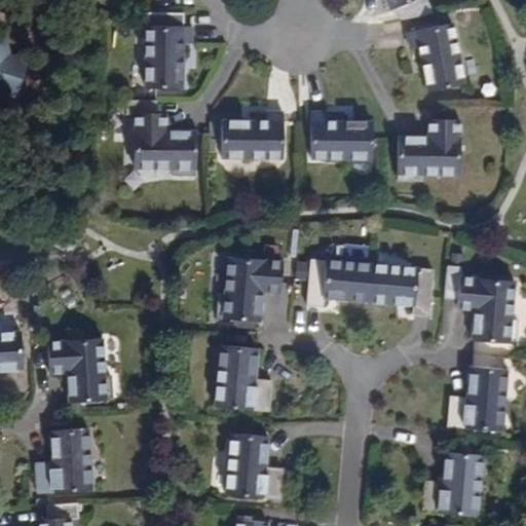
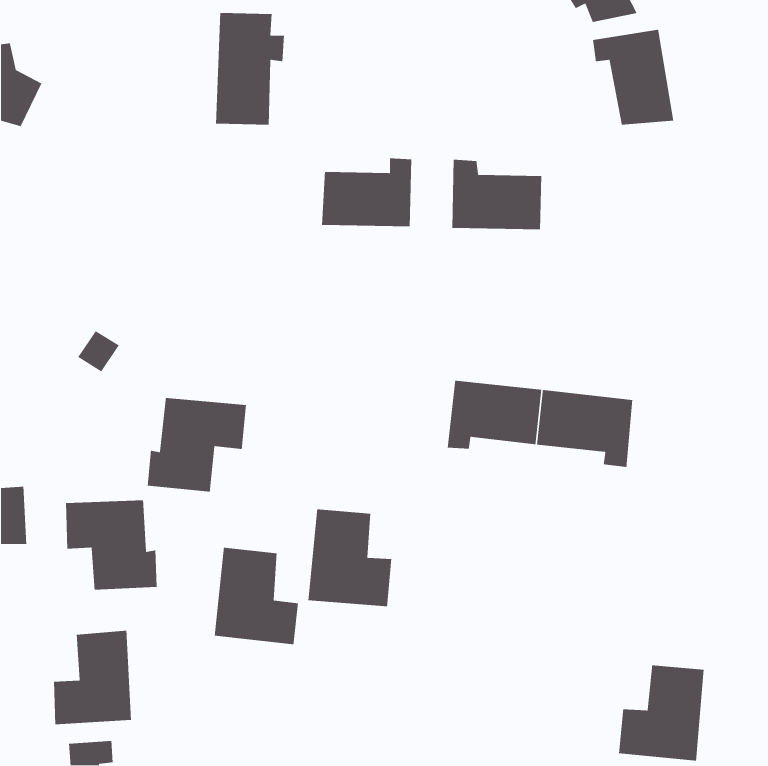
building: [128,97,197,173] -> none
building: [394,117,457,177] -> none
building: [217,256,285,321] -> [147,397,247,492]
building: [445,260,518,343] -> none
building: [447,367,506,429] -> none
building: [223,433,280,499] -> [214,547,299,645]

